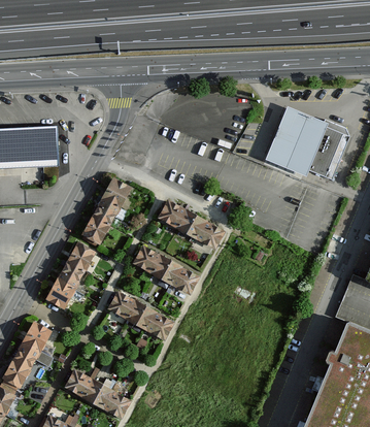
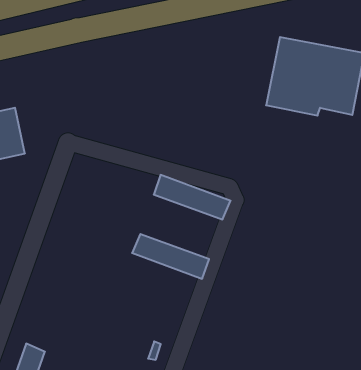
building: [82,179,129,242] -> none
building: [47,244,93,307] -> none
building: [109,293,172,338] -> none

